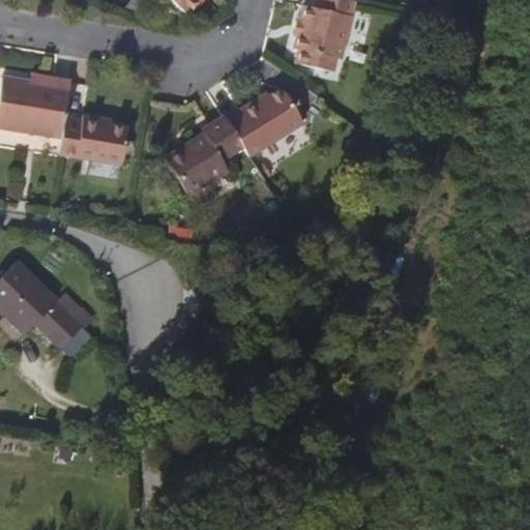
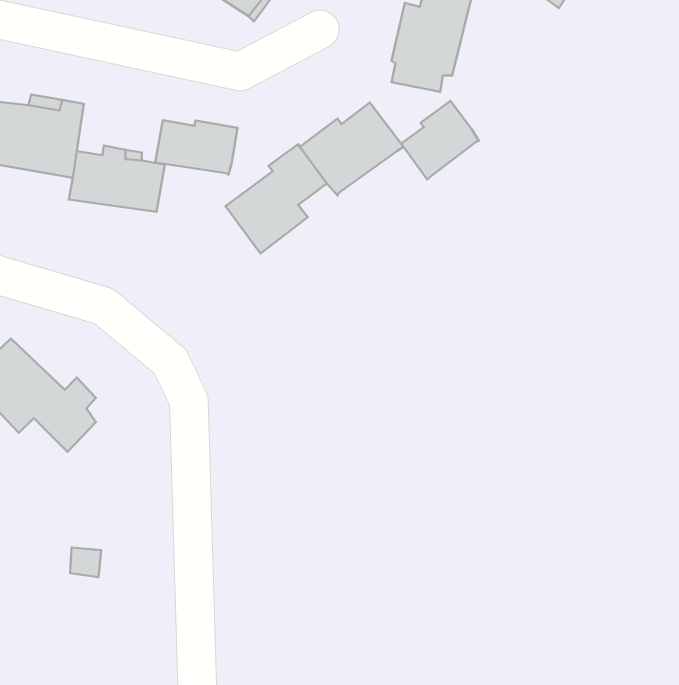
building: none -> [401,101,479,180]
building: none -> [155,120,238,175]

